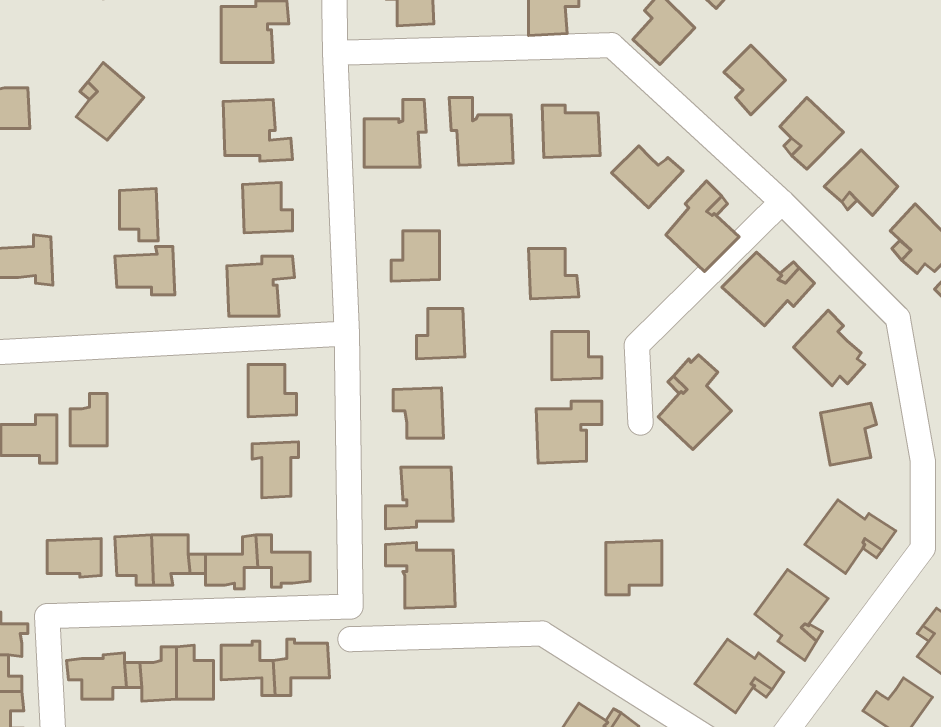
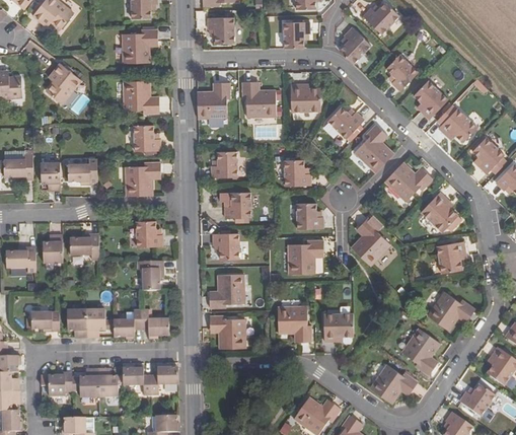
building: [119,189,158,241] -> [41,161,61,189]
building: none -> [69,234,98,262]
building: none -> [277,305,311,342]

